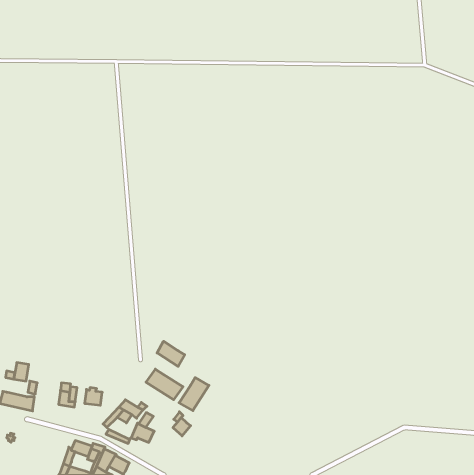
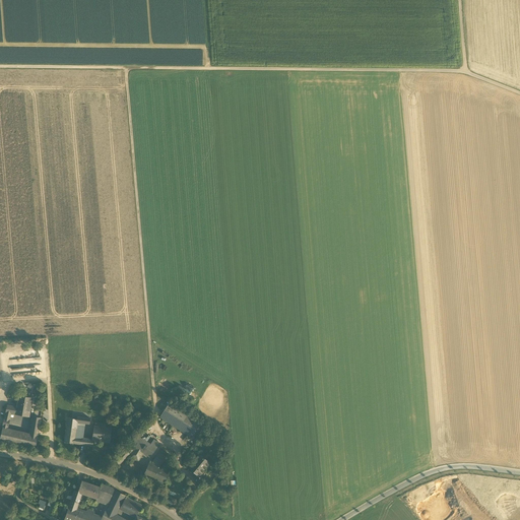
building: [157,341,185,366] -> none
building: [179,378,209,411] -> none

